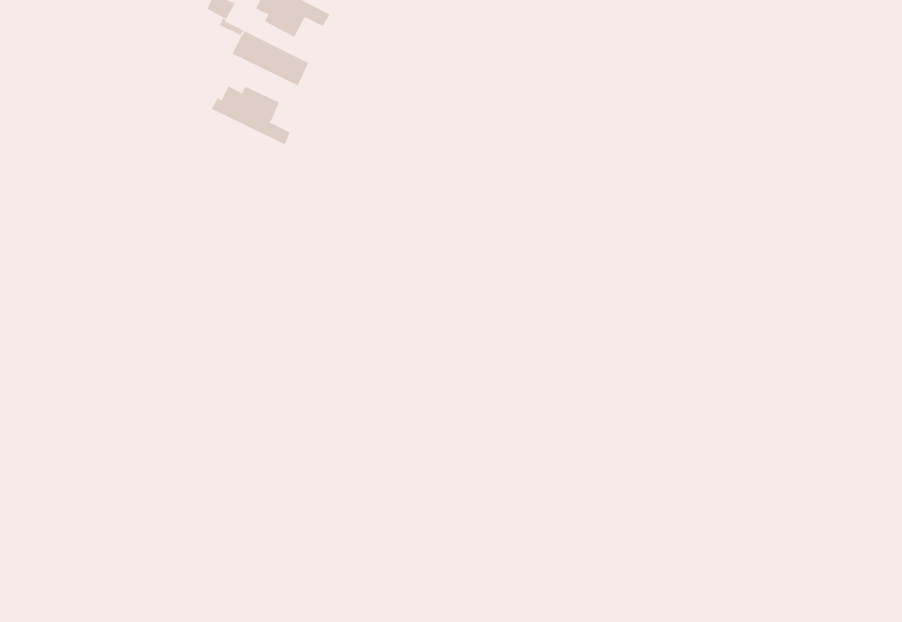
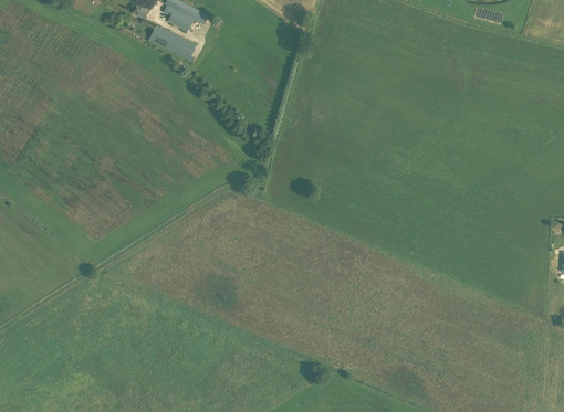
building: [211,85,291,145] -> none

